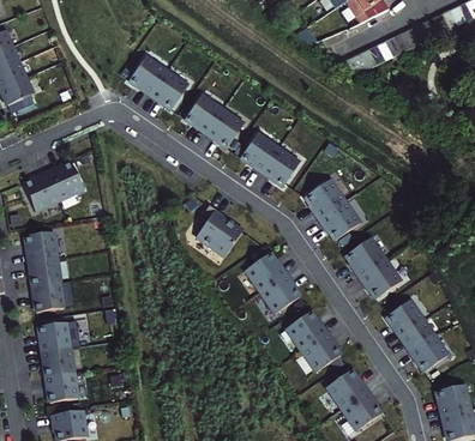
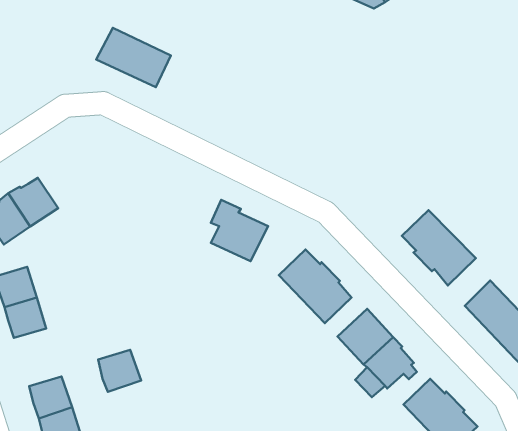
building: [187,93,246,145] -> none
building: [242,132,301,185] -> none
building: [307,177,362,238] -> none
building: [32,282,64,312] -> [98,350,141,392]

